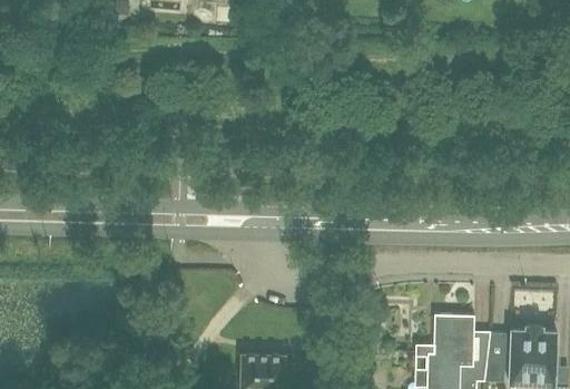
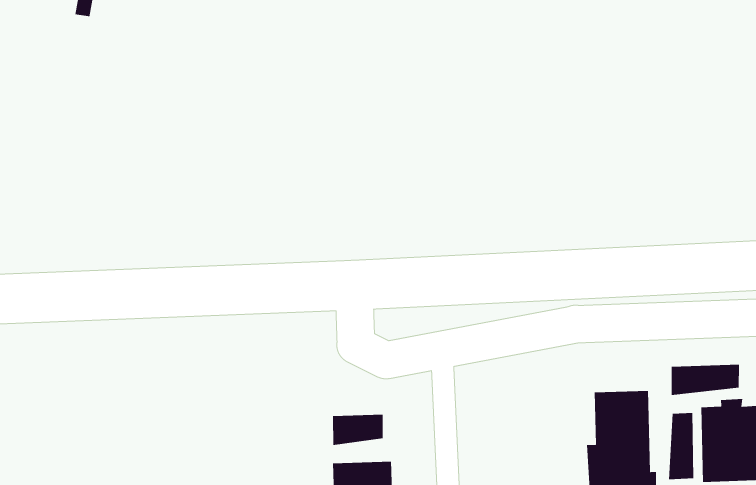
building: none -> [671,364,739,396]
building: none -> [333,414,383,446]

